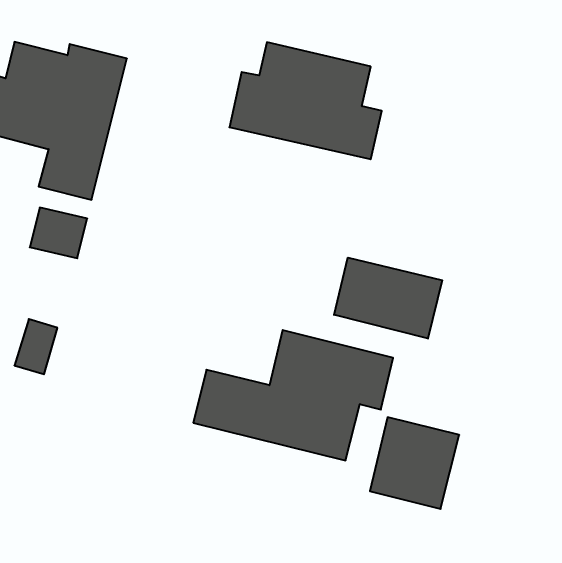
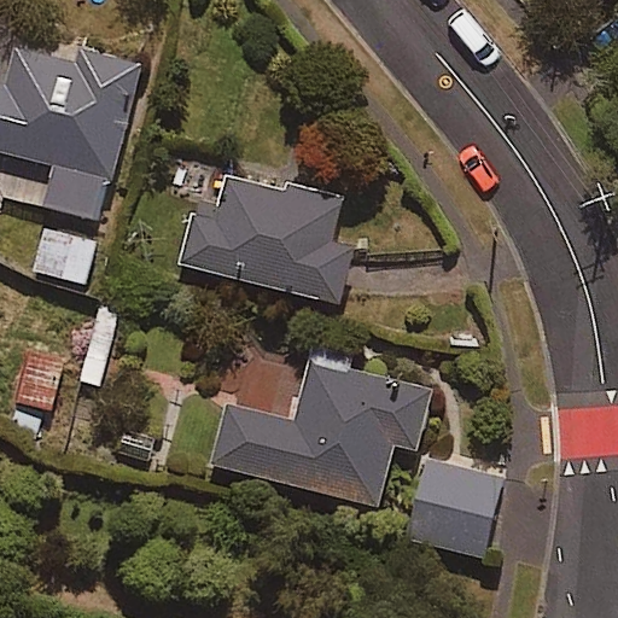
building: [229,42,382,159] -> [185,173,351,301]
building: [334,258,442,339] -> none

